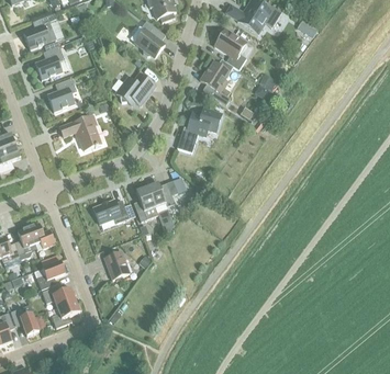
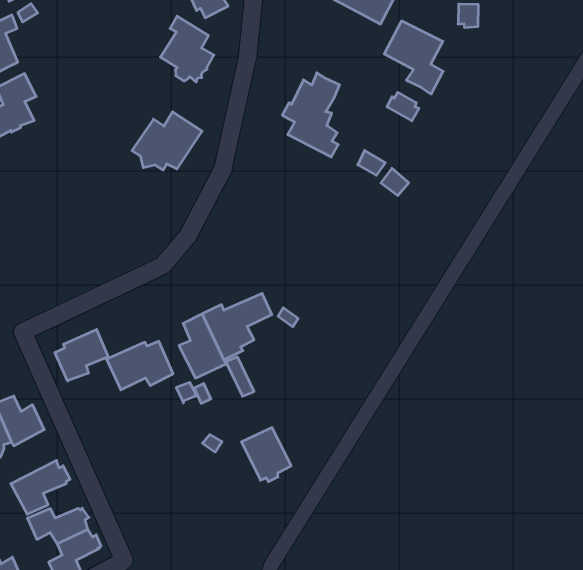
building: [213,27,246,69] -> [384,21,443,94]
building: [47,77,76,111] -> none
building: [176,106,221,151] -> none
building: [58,114,100,149] -> none
building: none -> [55,329,108,381]
building: [102,250,129,280] -> [241,428,291,482]

